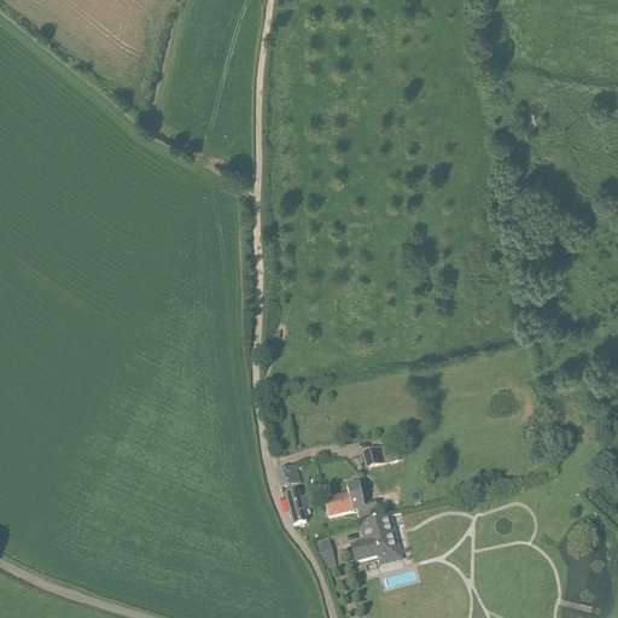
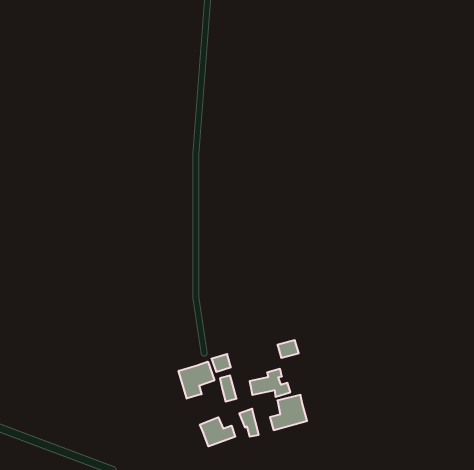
building: none -> [179,362,214,399]
building: none -> [200,417,235,446]

